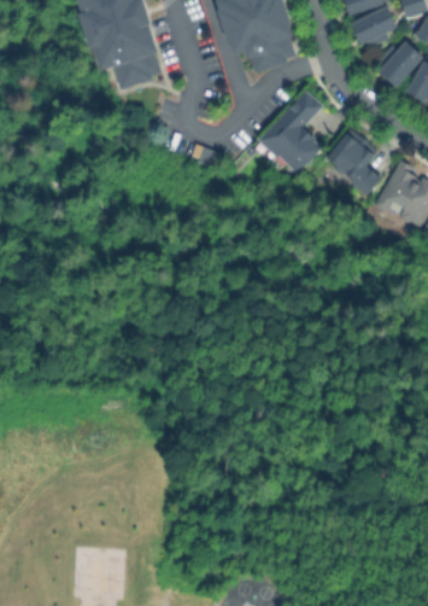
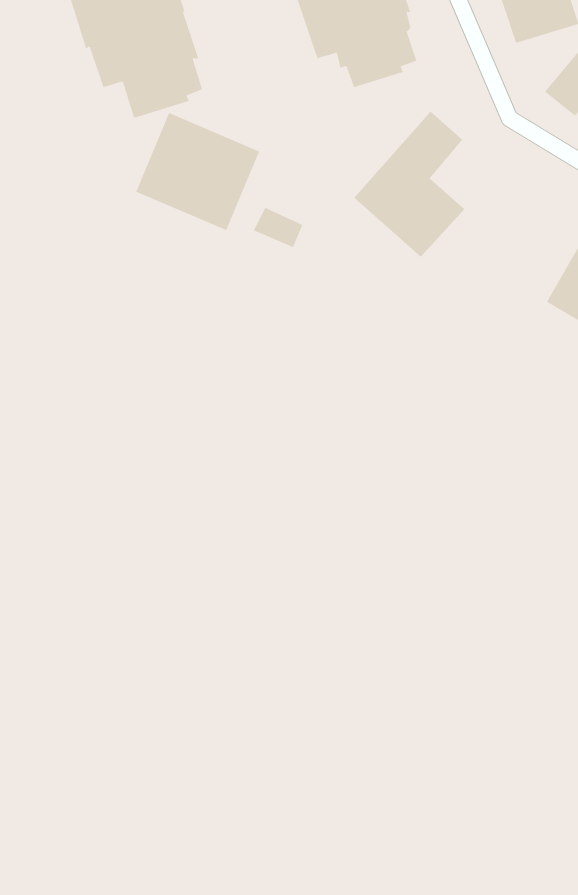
building: none -> [136,112,260,231]
building: [327,127,383,192] -> none

